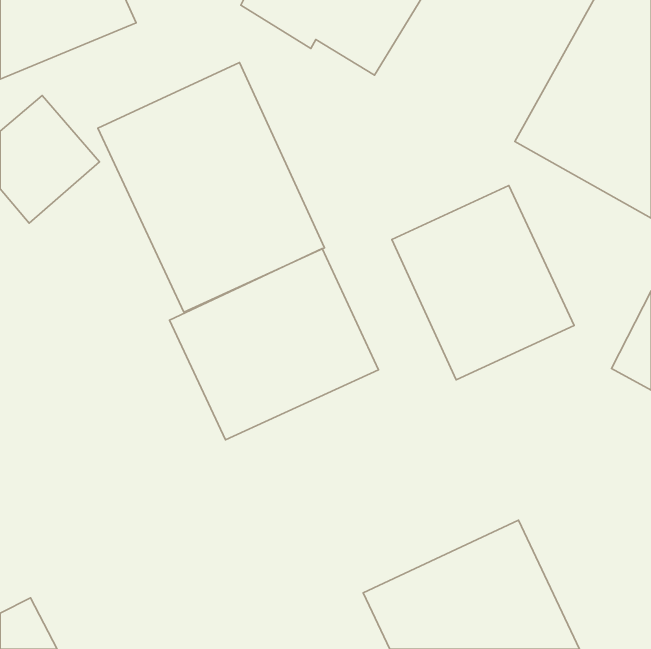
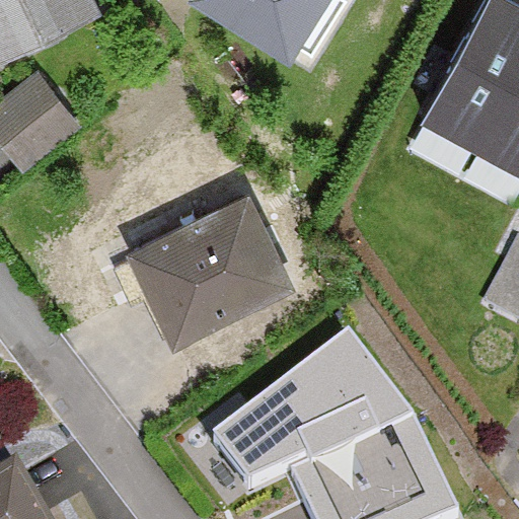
building: [98,63,324,312] -> none
building: [392,186,574,380] -> none
building: none -> [213,327,413,491]

